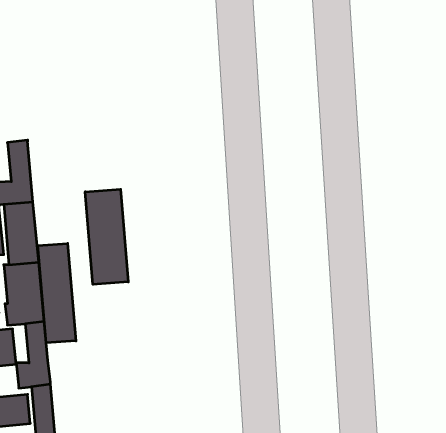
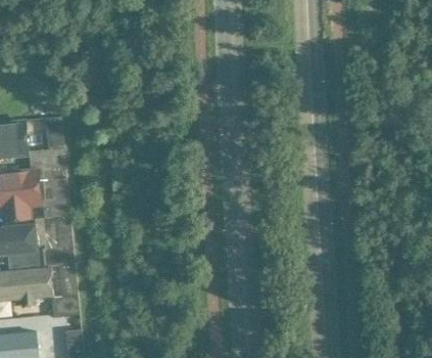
building: [85,189,128,284] -> none
building: [38,243,76,343] -> none

